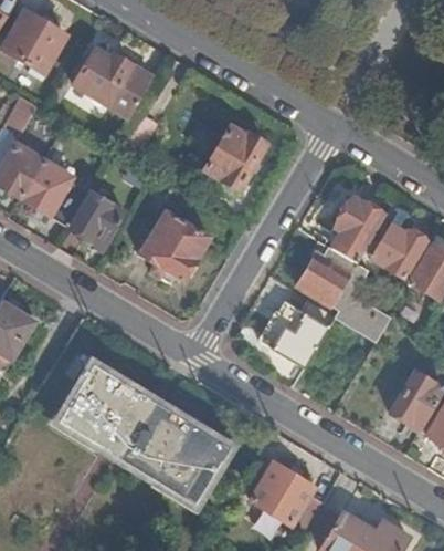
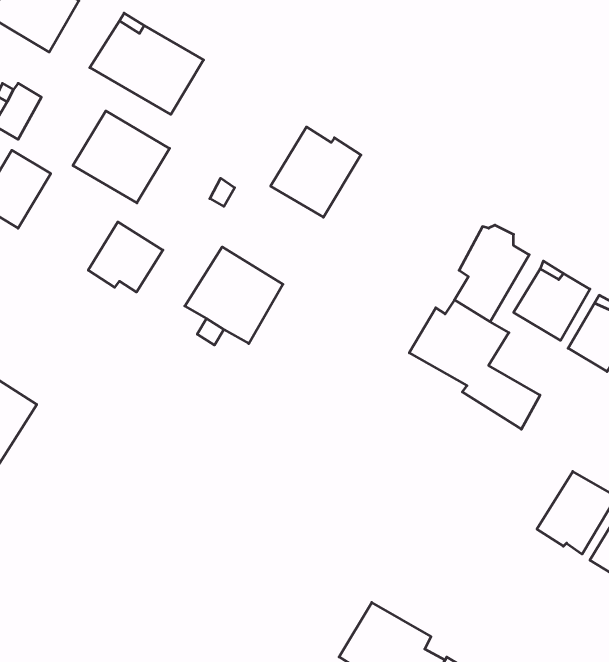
building: [21,158,89,223] -> [73,111,170,203]
building: [258,299,336,368] -> none
building: [57,364,226,500] -> none

